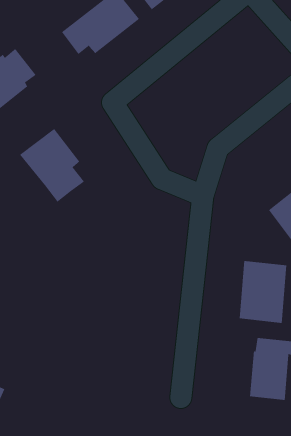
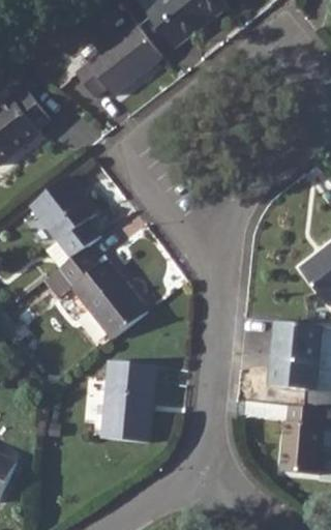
building: none -> [46,245,147,340]
building: none -> [100,361,155,443]

